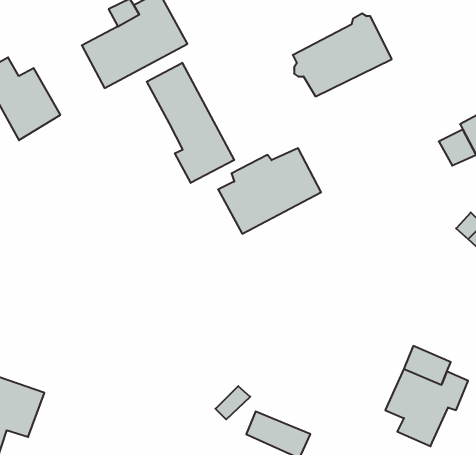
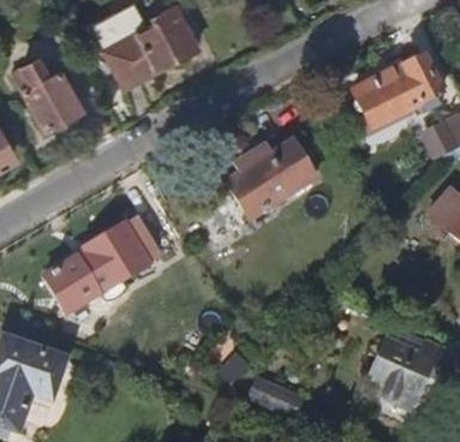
building: [293,14,392,96] -> [354,55,443,130]
building: [147,63,234,183] -> none
building: none -> [41,214,167,310]

